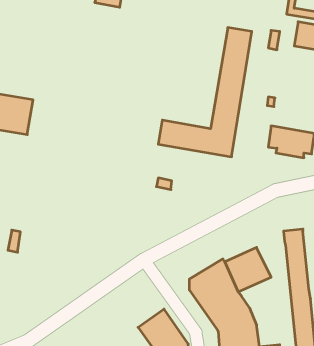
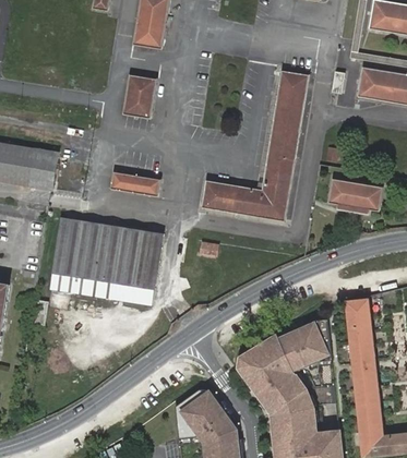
building: none -> [121,75,156,117]
building: none -> [107,173,158,198]
building: none -> [51,214,164,302]

